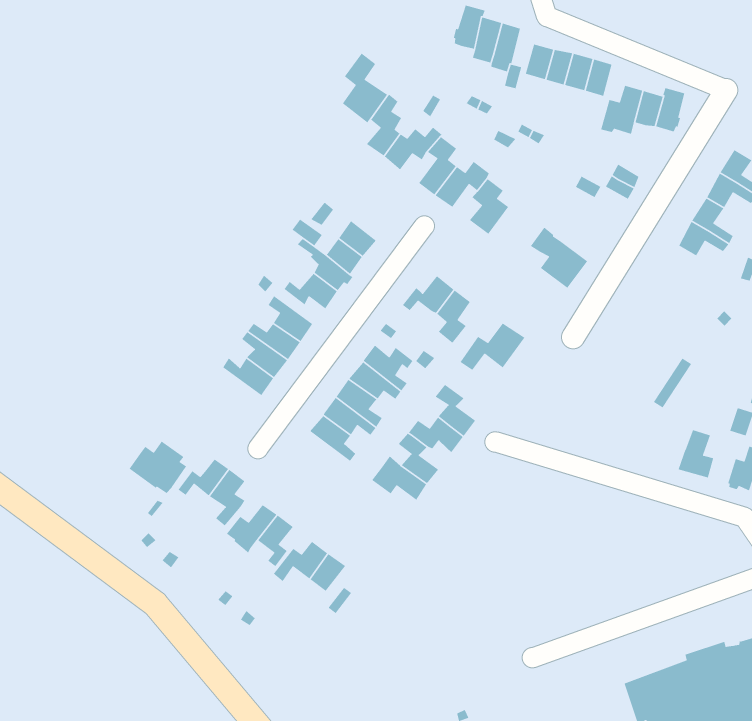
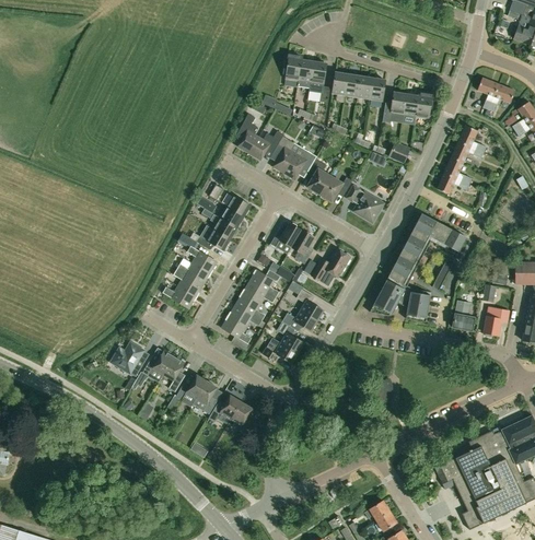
building: [342,53,388,124] -> none
building: none -> [319,175,352,201]
building: none -> [372,213,467,321]

